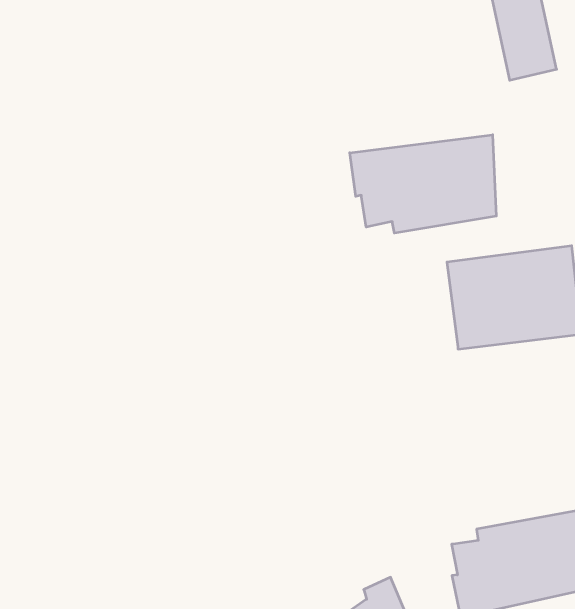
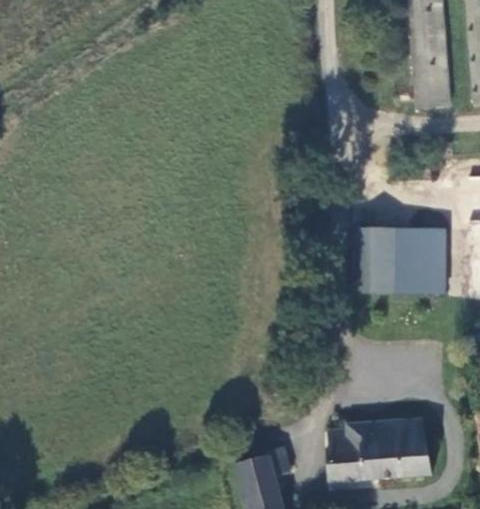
building: [350,135,496,233] -> none

